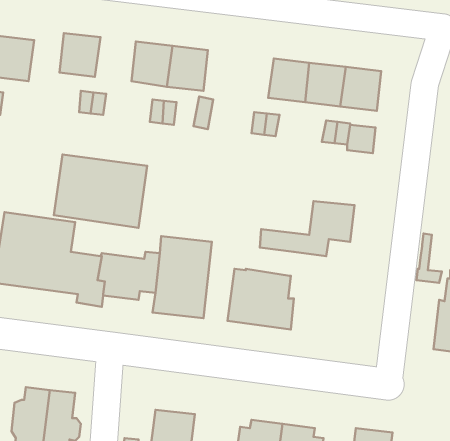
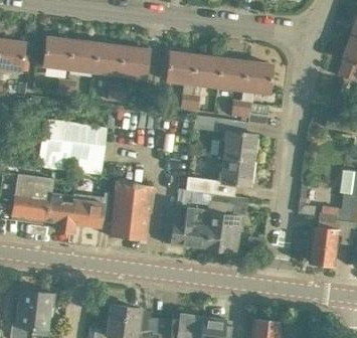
building: none -> [68,40,98,71]
building: none -> [167,52,196,83]
building: none -> [193,115,256,160]
building: none -> [206,193,247,252]

